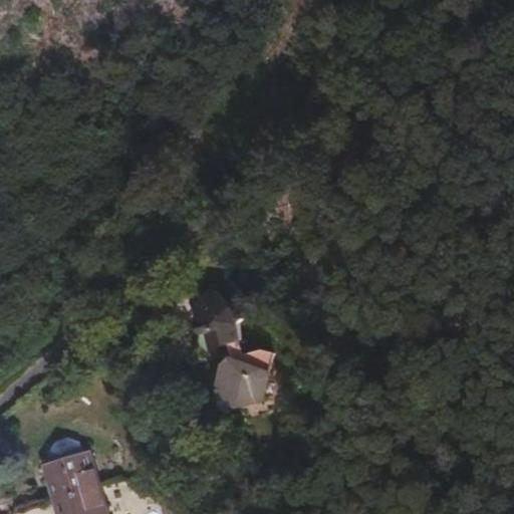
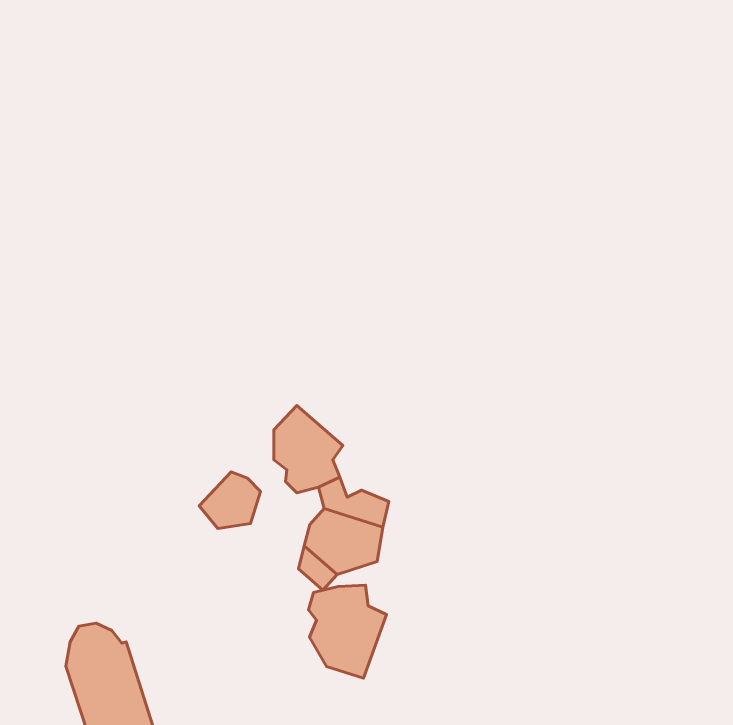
building: none -> [199,472,261,528]
building: none -> [309,585,386,678]

